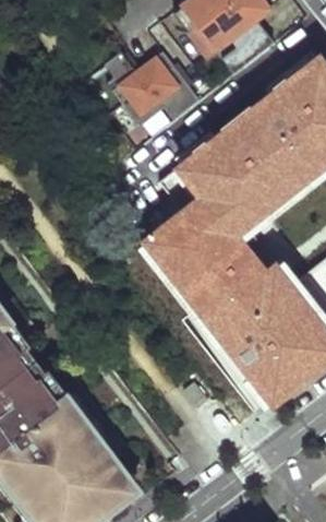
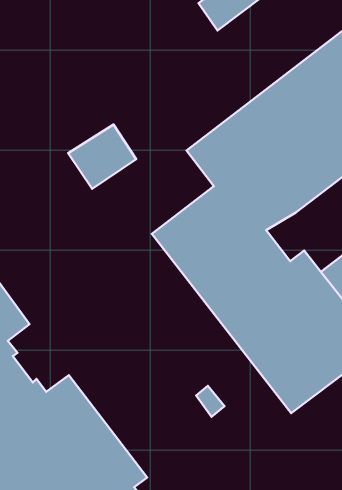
building: [110,63,172,122] -> [68,125,136,189]

